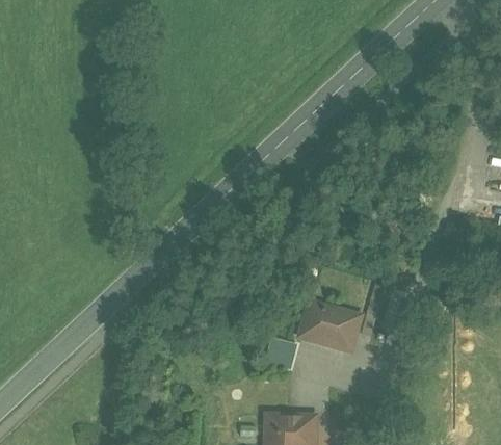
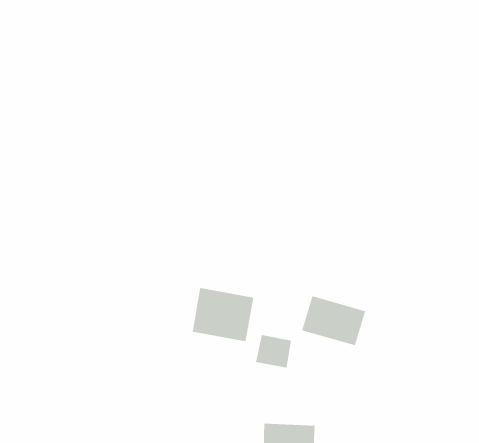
building: none -> [192,287,254,342]

